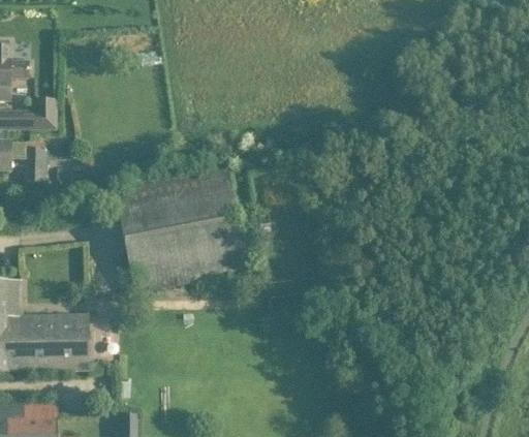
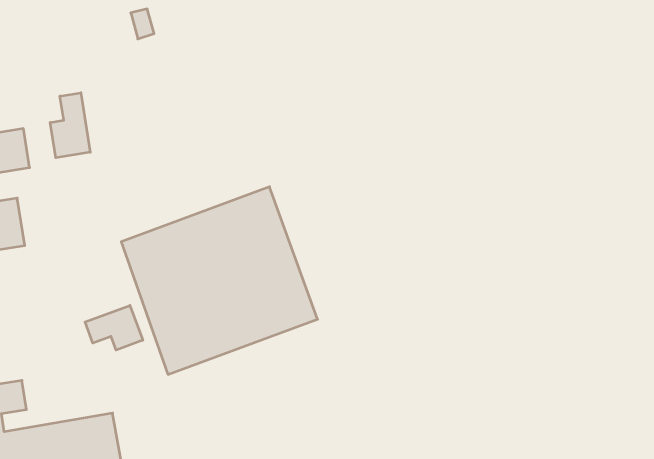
building: none -> [50,93,90,158]
building: none -> [85,305,143,350]

